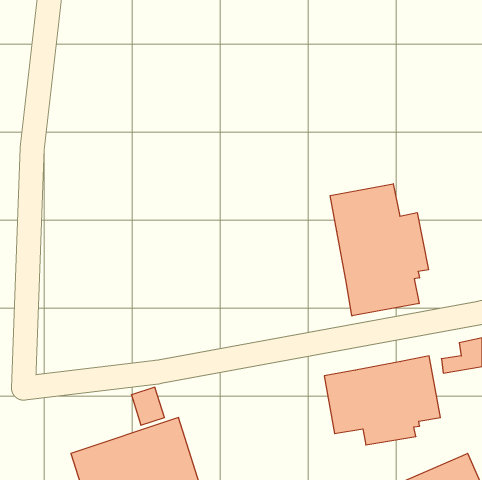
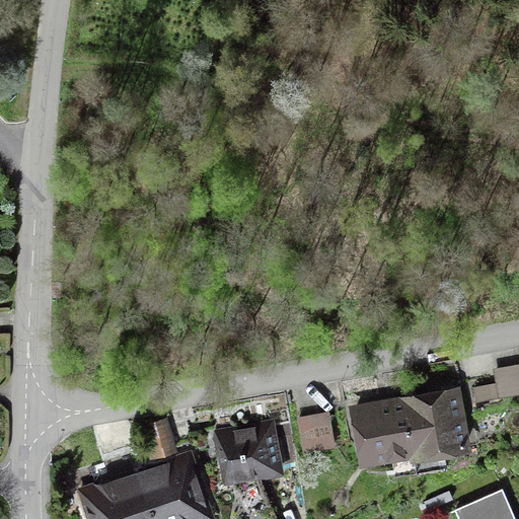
building: [330,184,428,316] -> none
building: none -> [296,414,335,455]
building: none -> [211,421,295,487]

